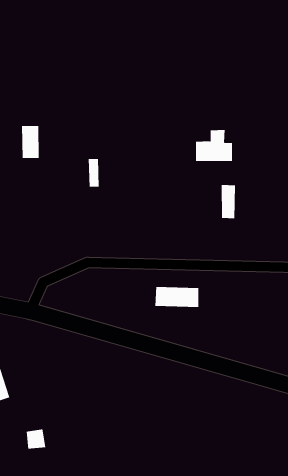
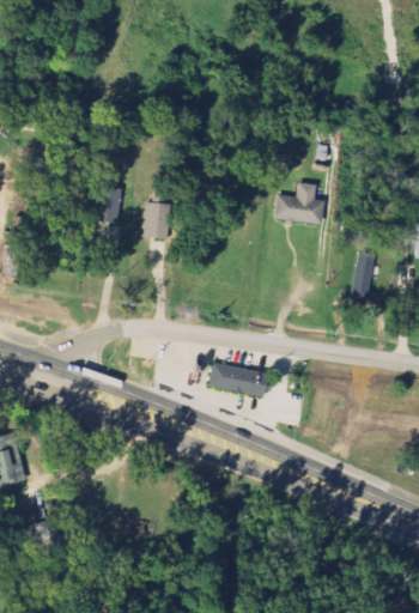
building: [21,126,40,158] -> [96,181,121,223]
building: [221,185,236,219] -> [353,253,375,296]

